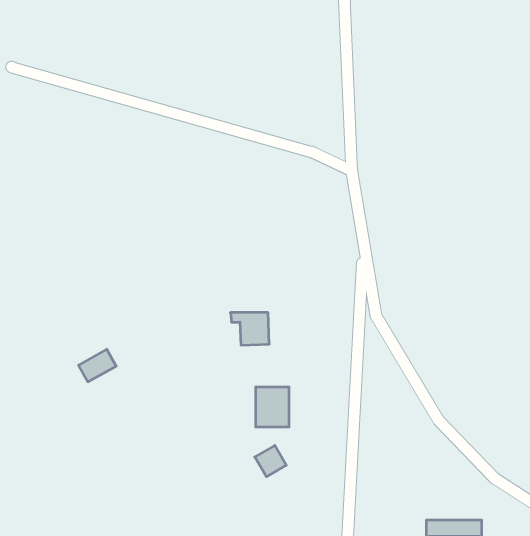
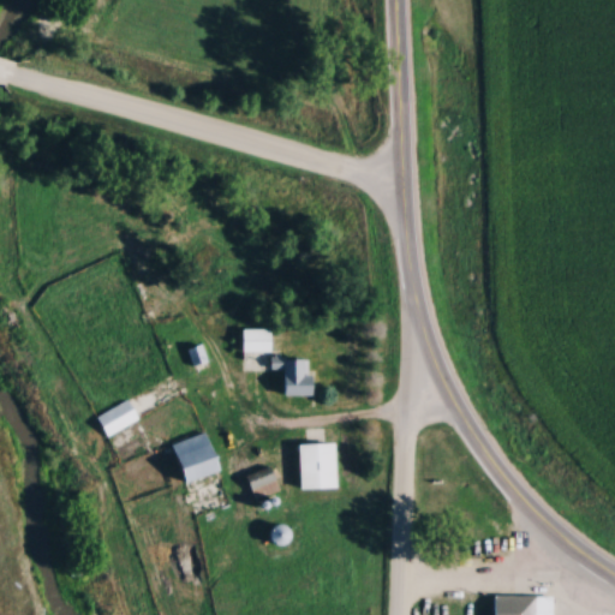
building: none -> [243,328,273,352]
building: none -> [172,435,216,480]
building: [255,445,286,477] -> [247,465,283,501]

